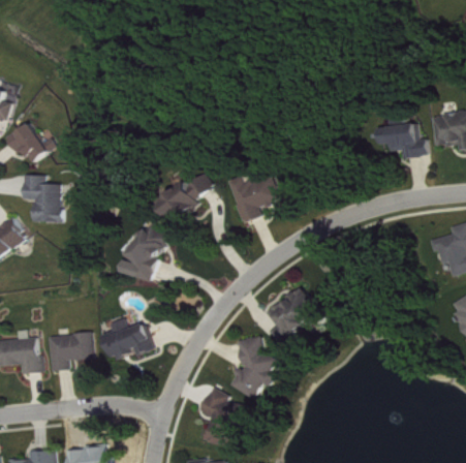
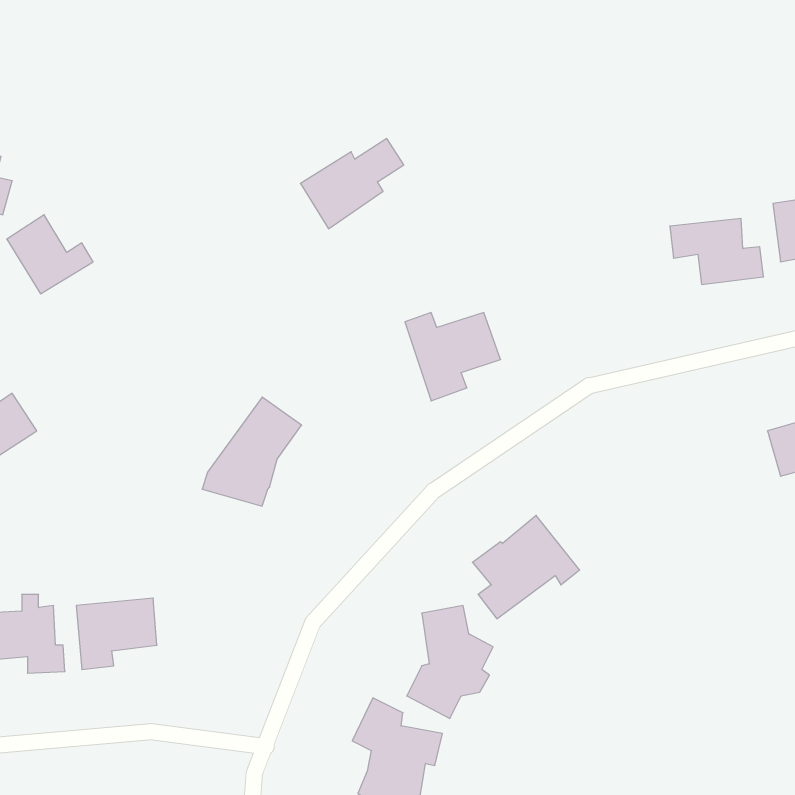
building: [24,174,63,222] -> none
building: [155,175,212,224] -> [300,139,404,229]
building: [101,318,152,361] -> none

